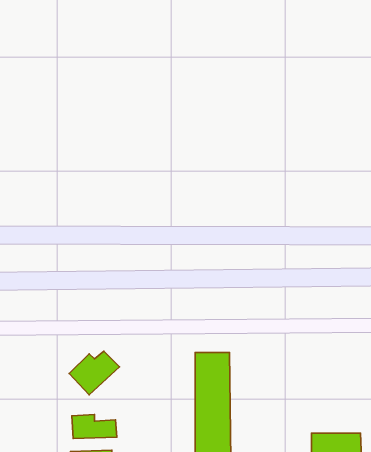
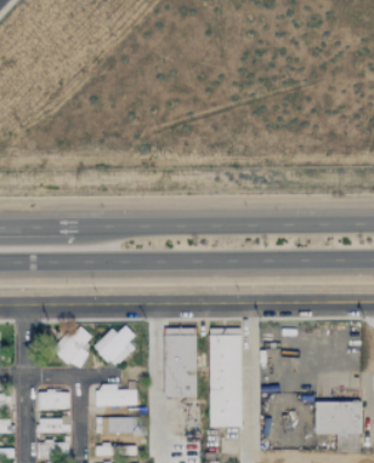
building: none -> [165,327,197,395]
building: none -> [55,328,91,367]
building: none -> [39,390,70,410]

